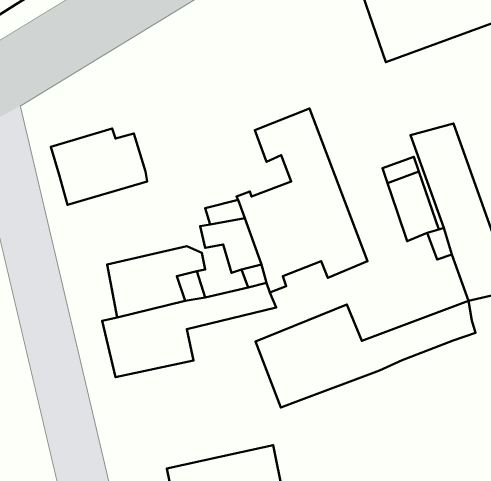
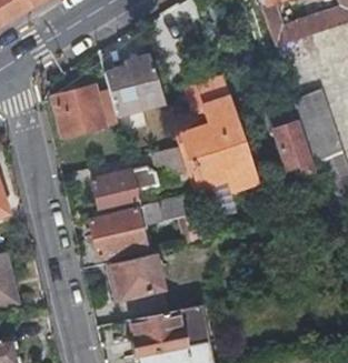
building: none -> [102,62,166,122]
building: [256,301,475,408] -> none
building: none -> [108,252,160,300]

